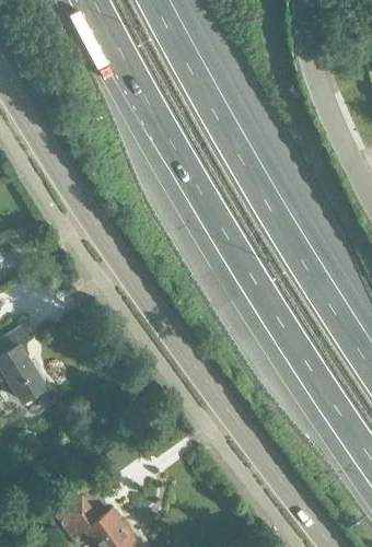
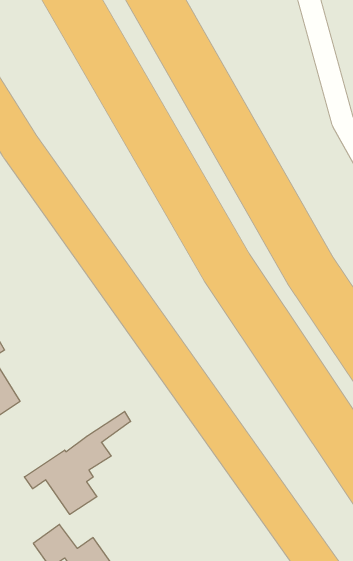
building: none -> [24,411,131,514]

